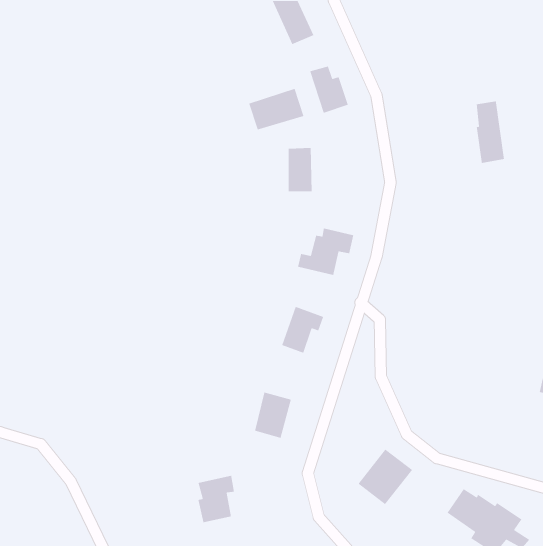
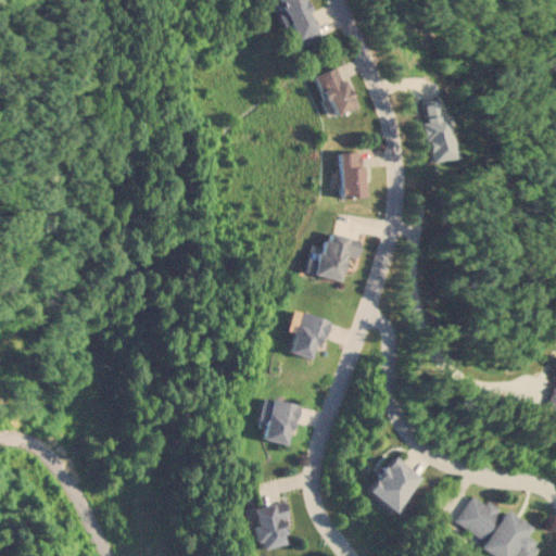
building: [248,88,304,131] -> none
building: [476,101,505,164] -> [426,99,455,163]
building: [288,147,312,192] -> [341,152,366,198]
building: [197,475,235,523] -> [253,502,291,551]

